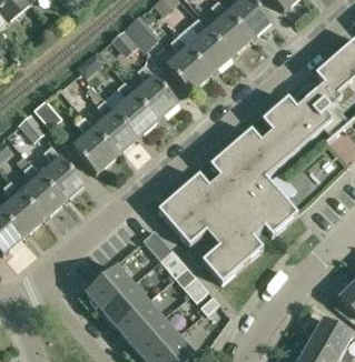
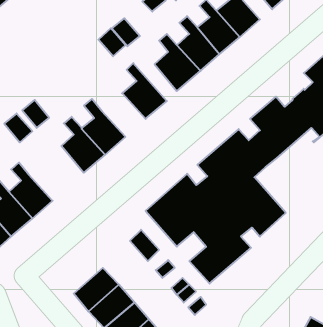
building: [115,81,158,137] -> none
building: [42,144,86,200] -> none

